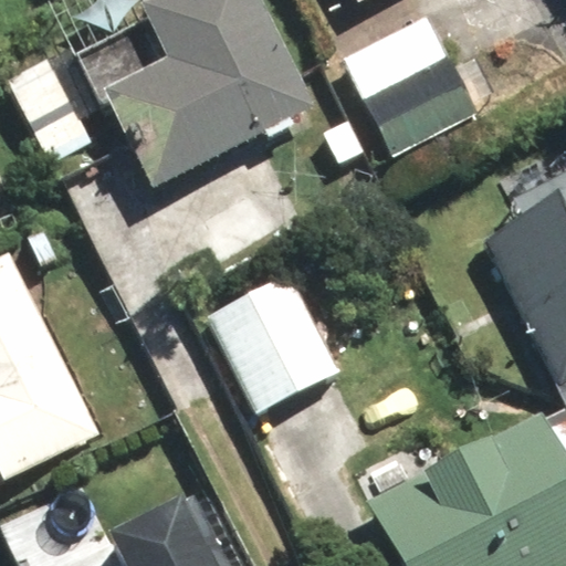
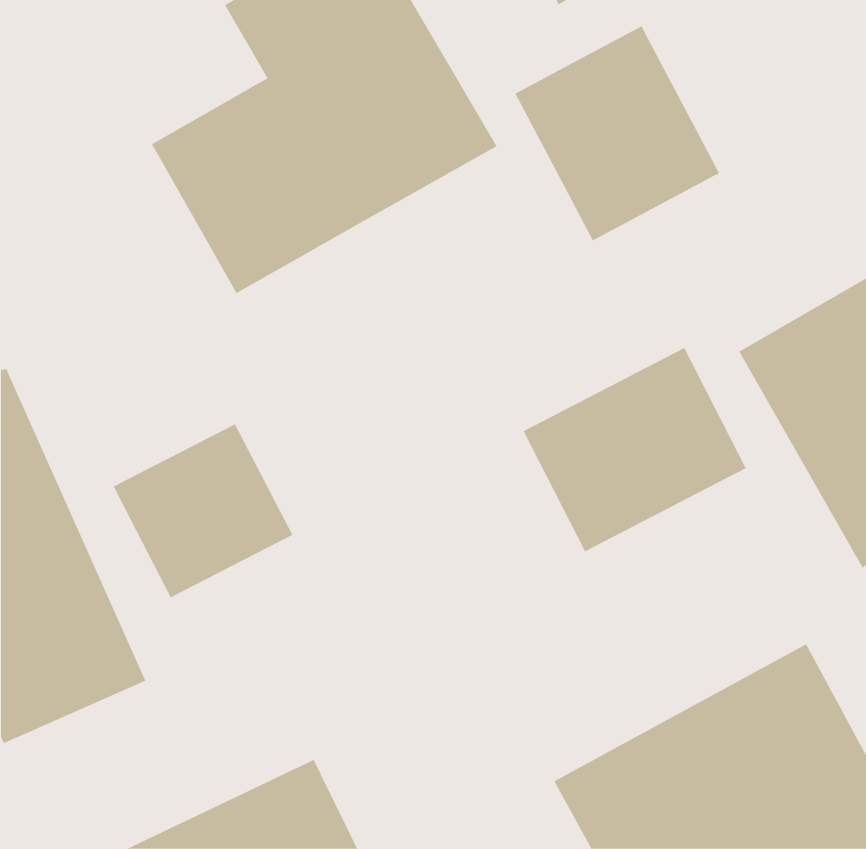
building: none -> [523,347,747,552]
building: [202,273,336,416] -> none
building: none -> [113,423,293,598]

